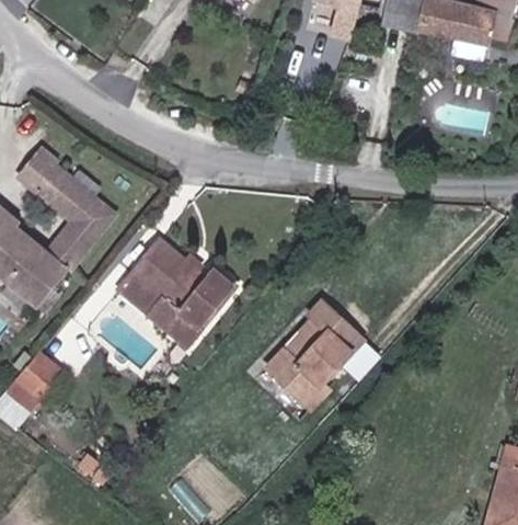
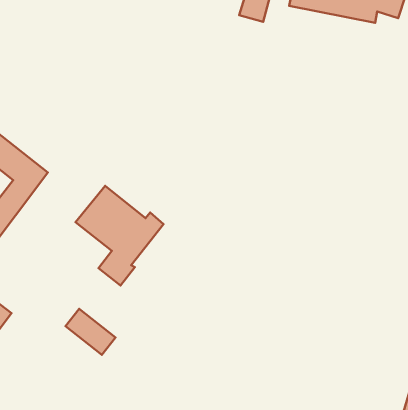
building: [122,271,179,323] -> [66,309,115,355]
building: [273,294,360,403] -> none

